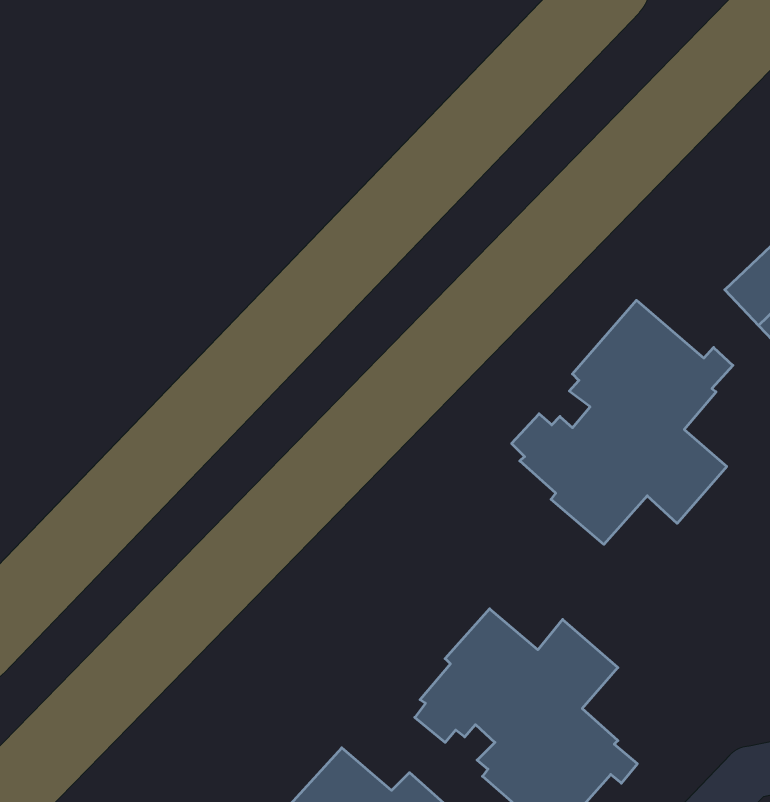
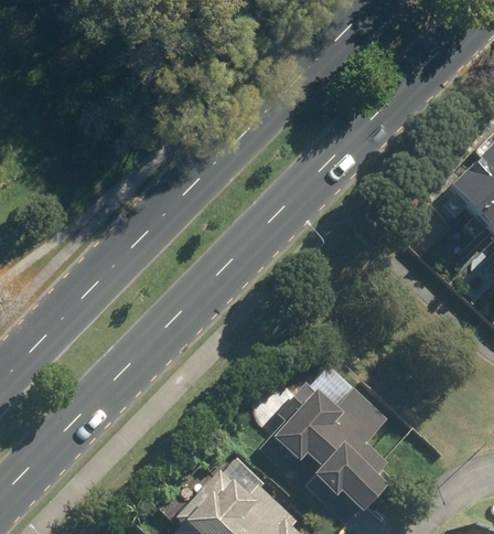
building: [512,300,733,544] -> none

